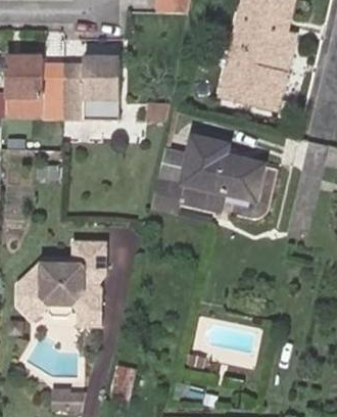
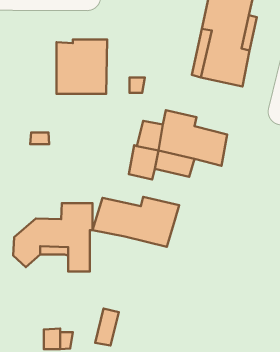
building: [7,59,65,121] -> none
building: none -> [93,197,179,247]

